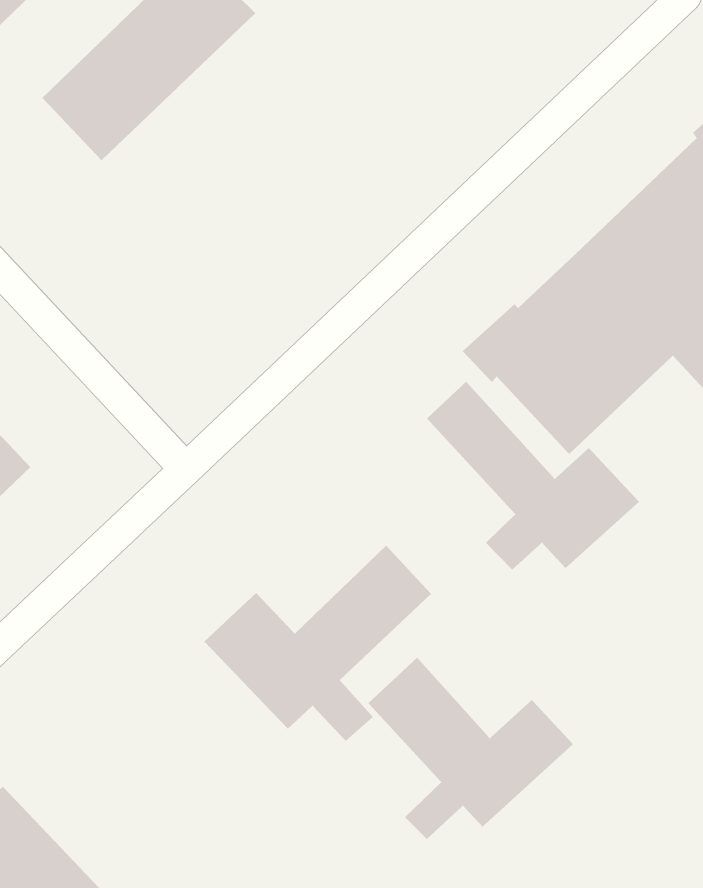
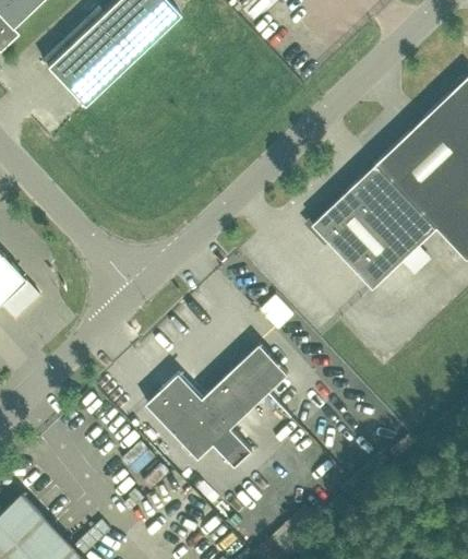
building: [426,381,640,570] -> none
building: [368,657,574,840] -> none

